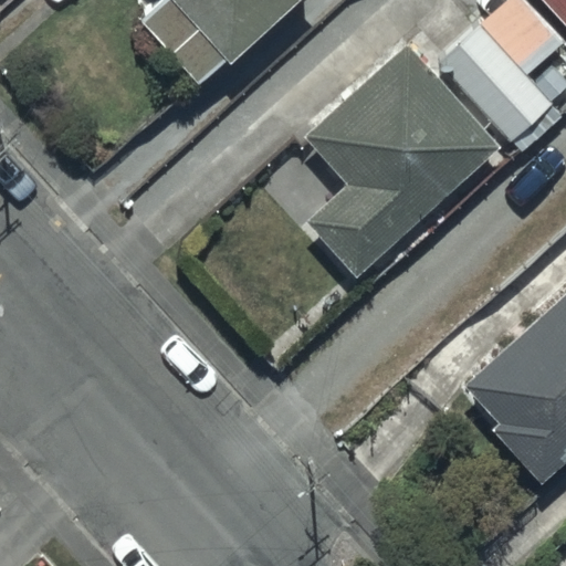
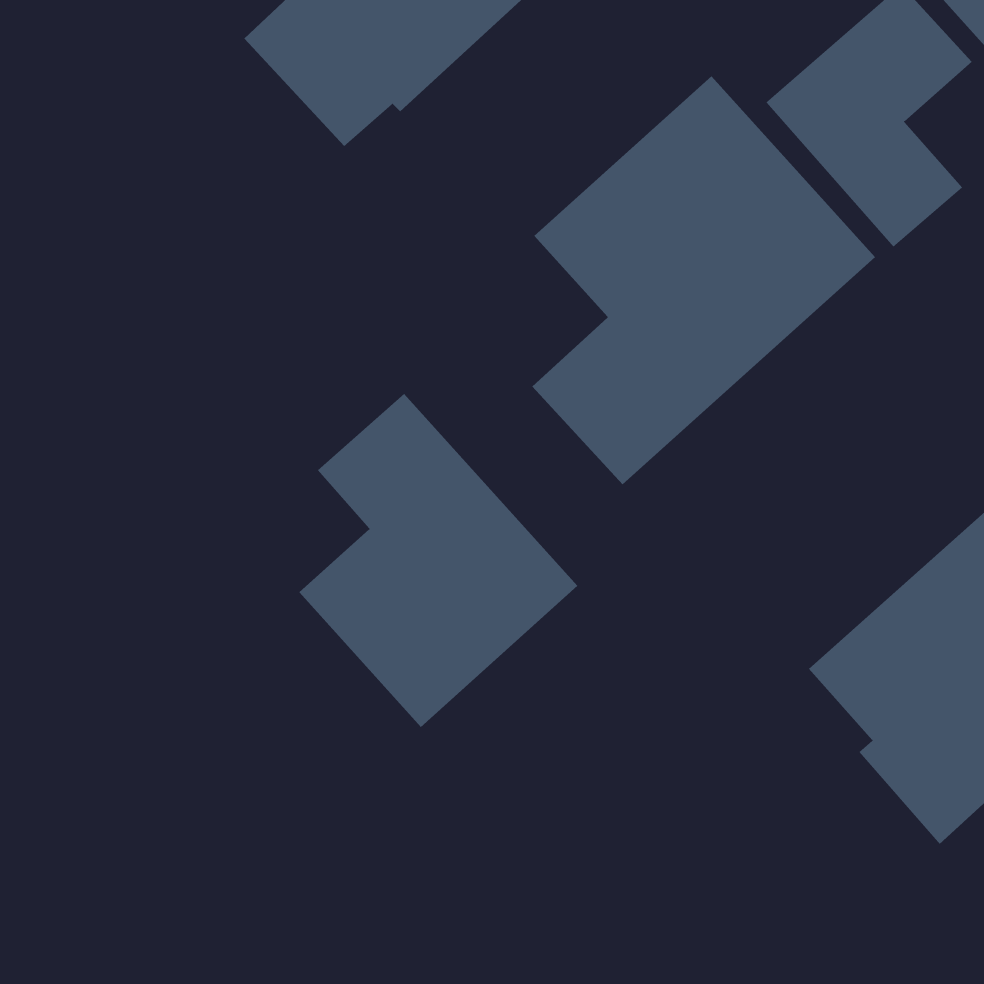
building: none -> [298,393,578,728]

